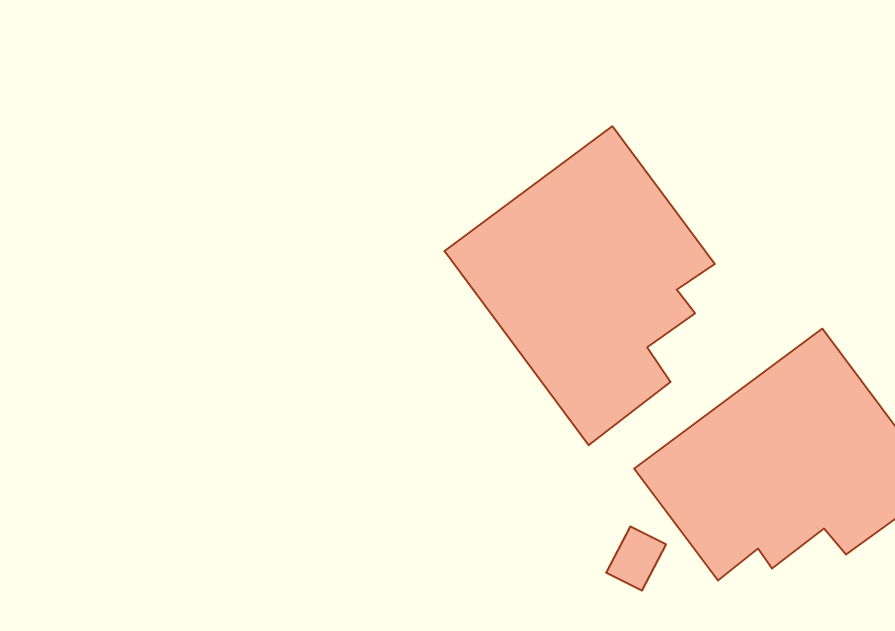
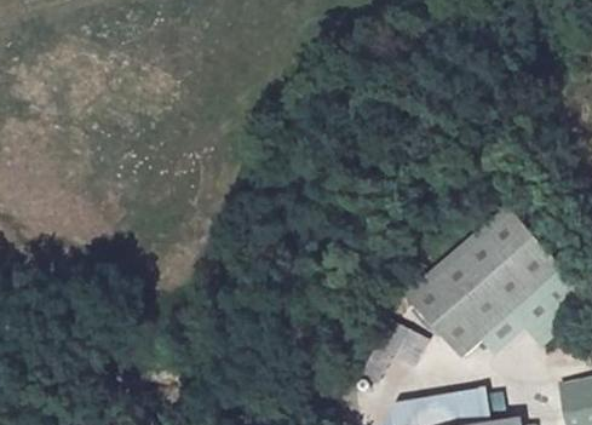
building: [444,126,715,445] -> none

